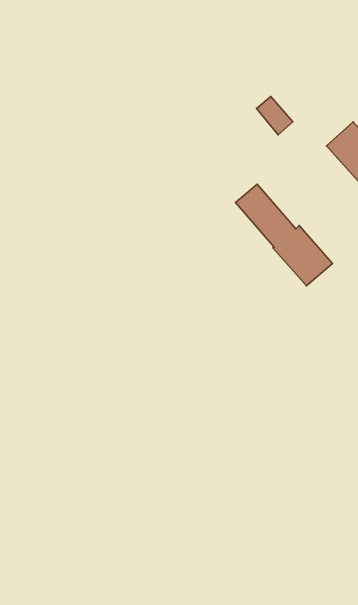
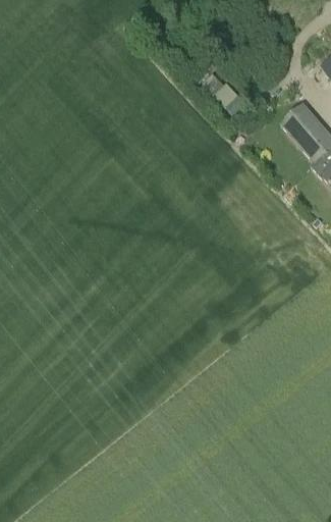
building: [236,184,332,286] -> none

